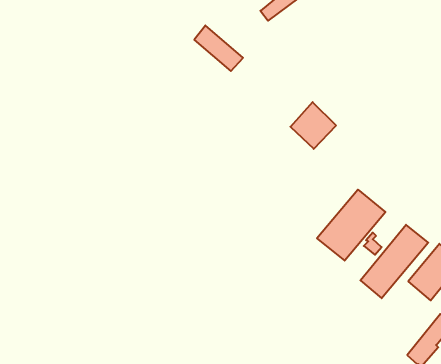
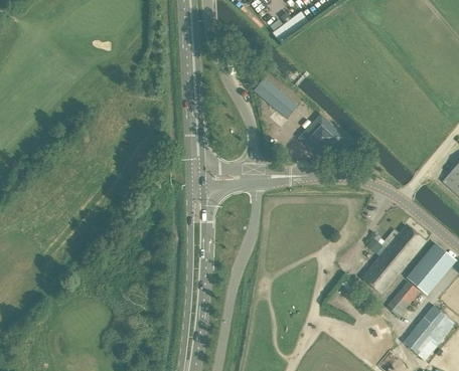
building: [194,25,243,71] -> [254,76,298,118]
building: [317,190,385,261] -> none
building: none -> [386,281,421,318]

